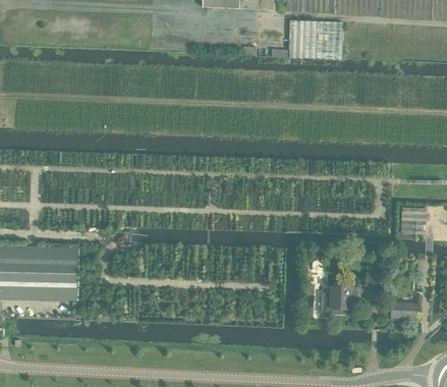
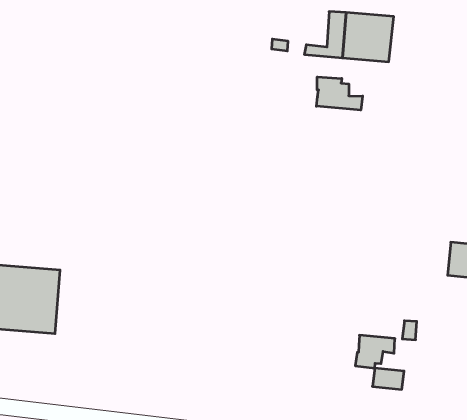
building: none -> [316,77,363,110]
building: [389,302,414,319] -> [372,368,404,389]

